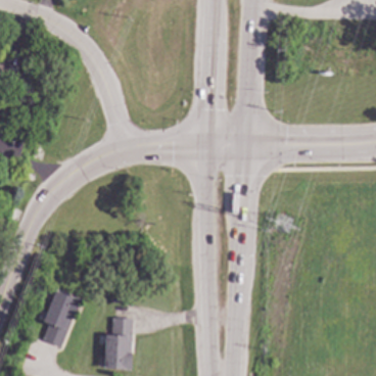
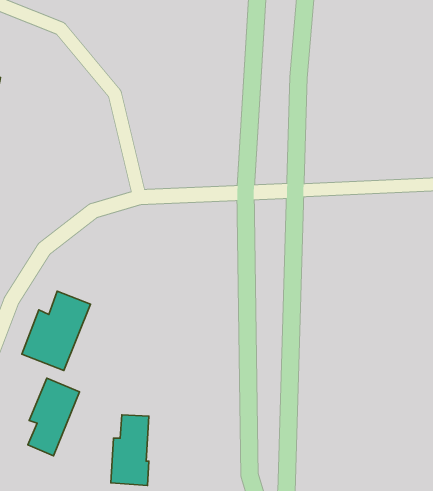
building: none -> [22,291,91,371]

